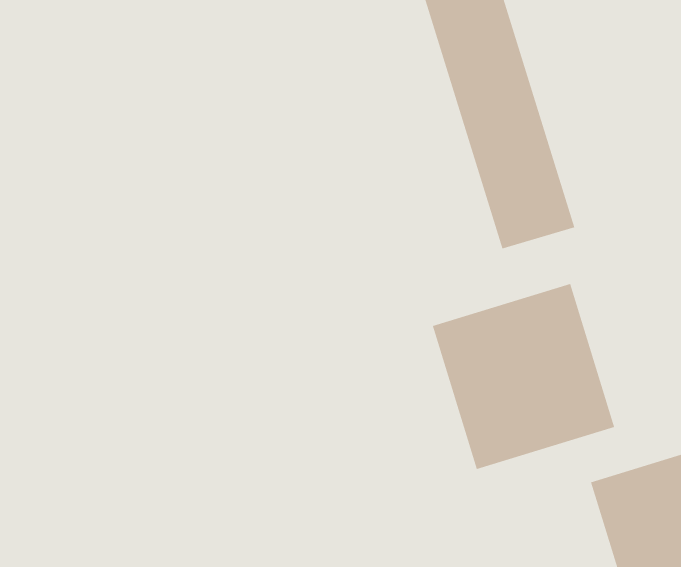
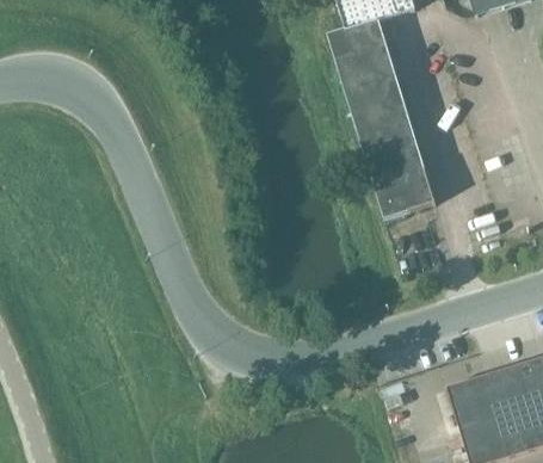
building: [432,283,615,470] -> none

